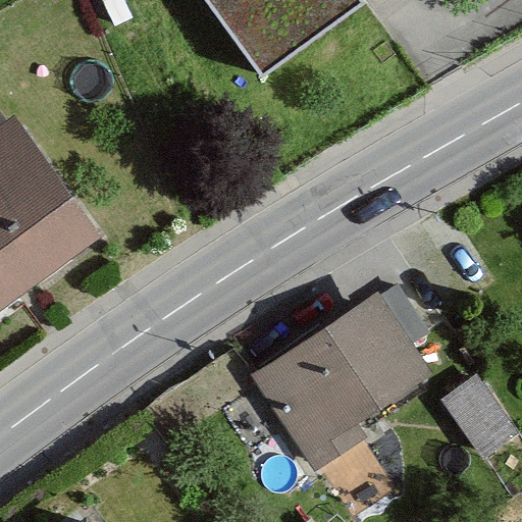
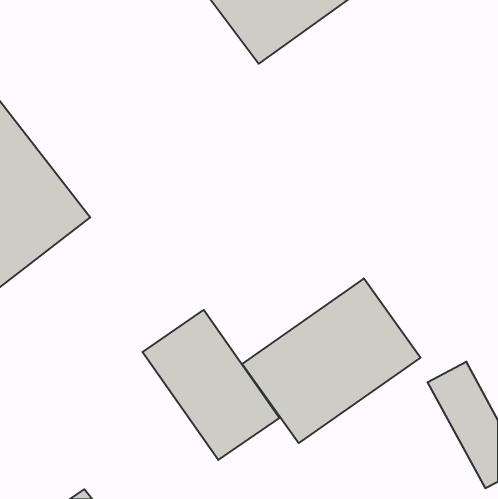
building: none -> [142,310,280,460]

